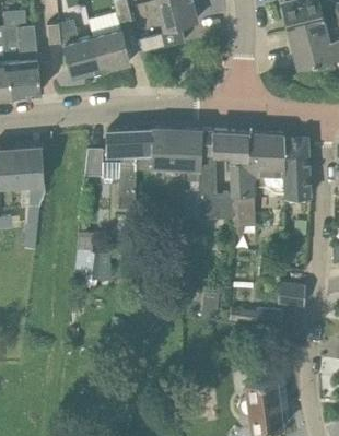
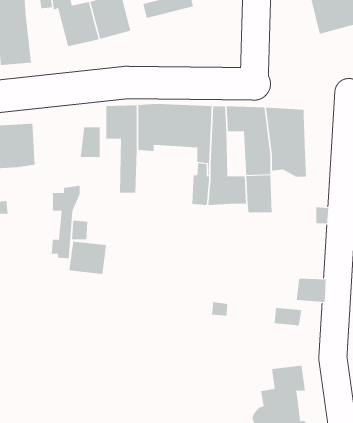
building: [284,138,309,199] -> none
building: [19,184,45,249] -> [51,185,80,259]

